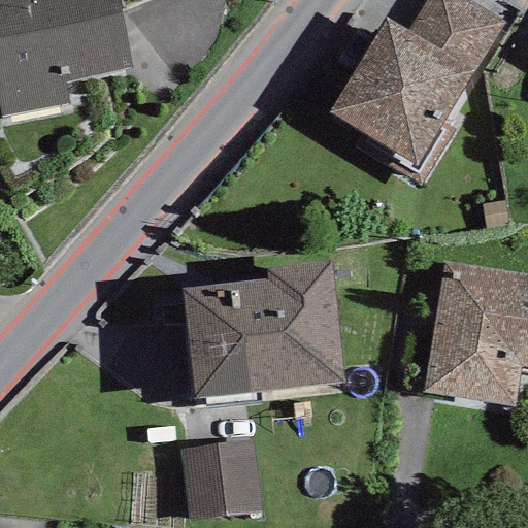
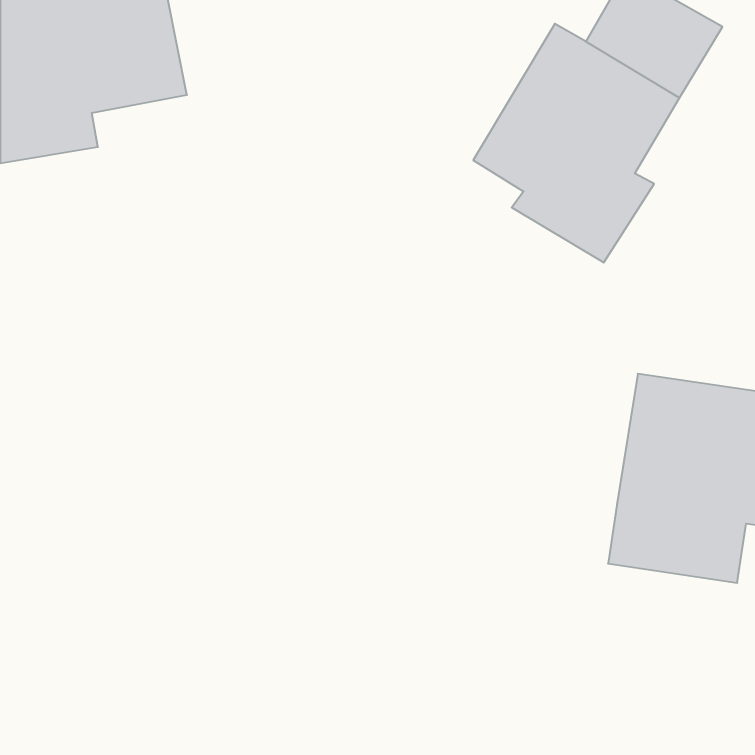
building: [184,261,345,397] -> none
building: [180,439,261,518] -> none

